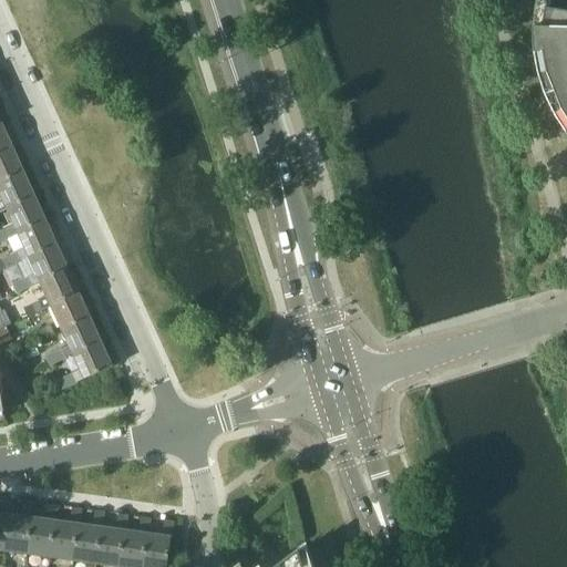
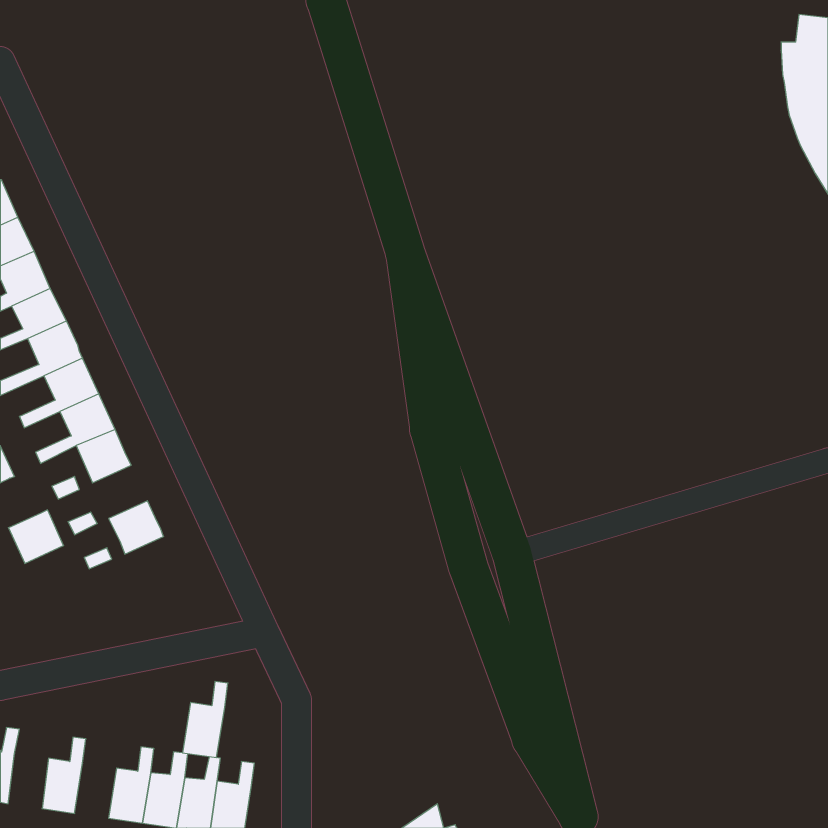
building: [63,318,101,354] -> [8,510,64,563]
building: [6,501,35,553] -> none
building: [51,507,82,559] -> [183,681,228,758]

